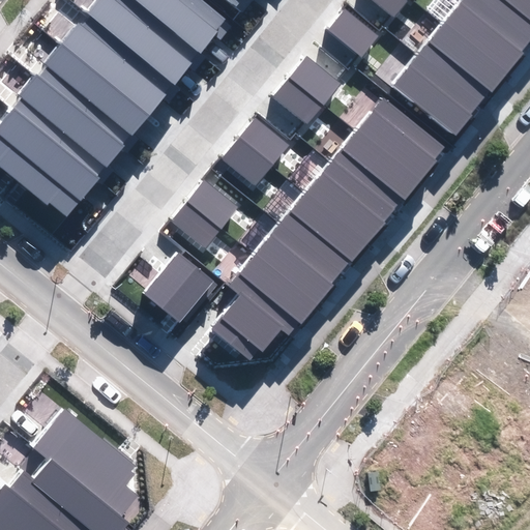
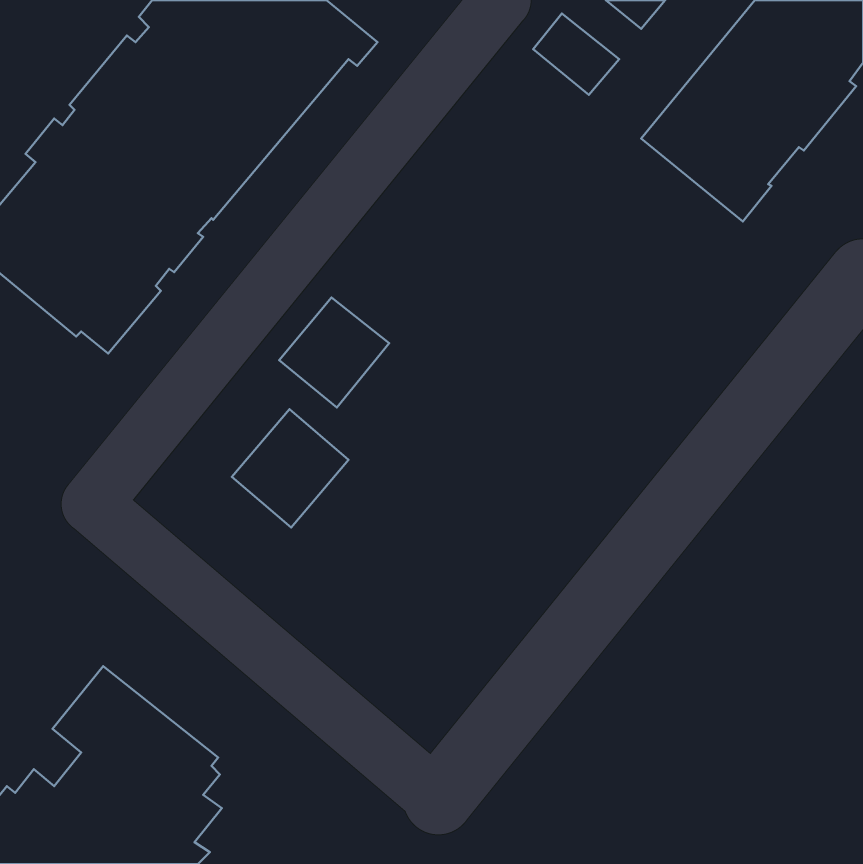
building: [272,55,340,124] -> none
building: [212,98,442,360] -> none
building: [220,118,287,185] -> none

